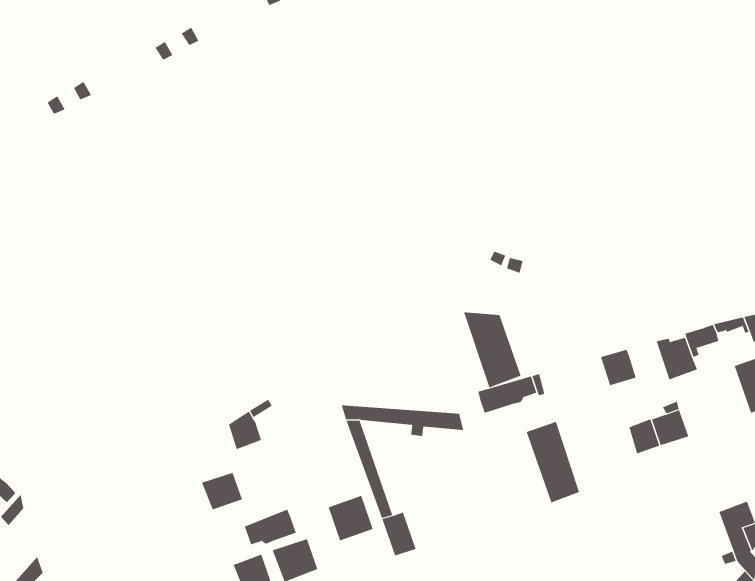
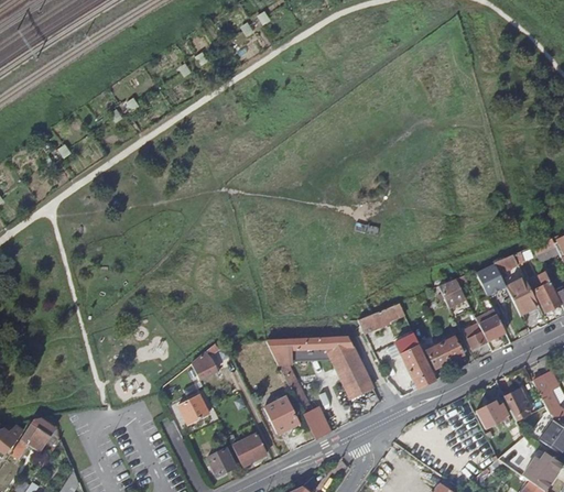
building: [463,312,521,388] -> [327,347,372,397]
building: none -> [506,277,538,314]
building: none -> [426,335,464,369]
building: [244,509,296,545] -> none
building: none -> [503,387,530,420]
building: none -> [476,401,510,428]

